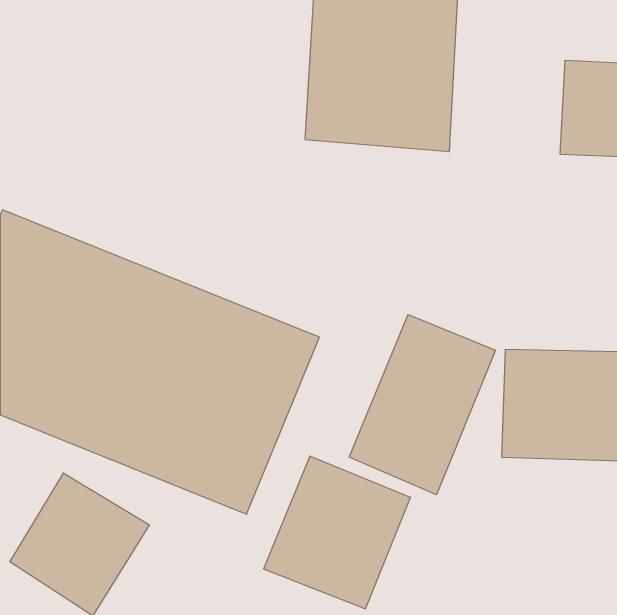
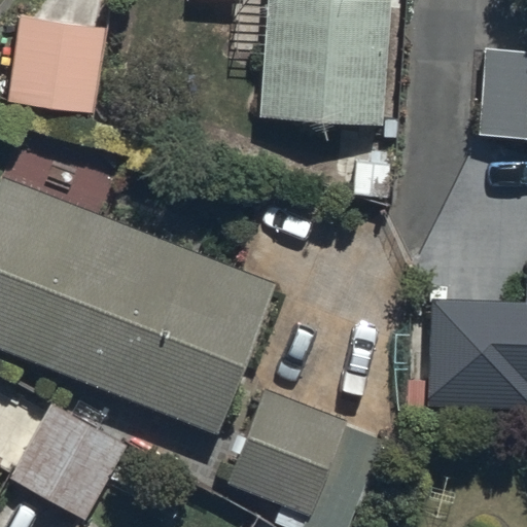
building: none -> [9,13,107,115]
building: [349,315,496,495] -> none

